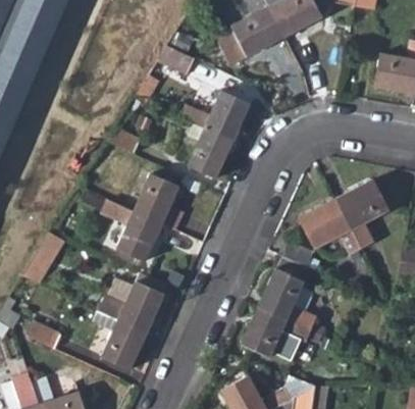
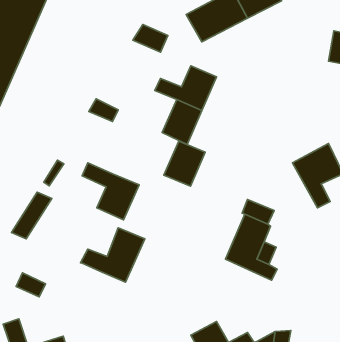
building: [134,173,179,223] -> [164,141,205,186]
building: [299,199,361,255] -> none
building: [243,306,310,360] -> none
building: [95,310,148,369] -> none

